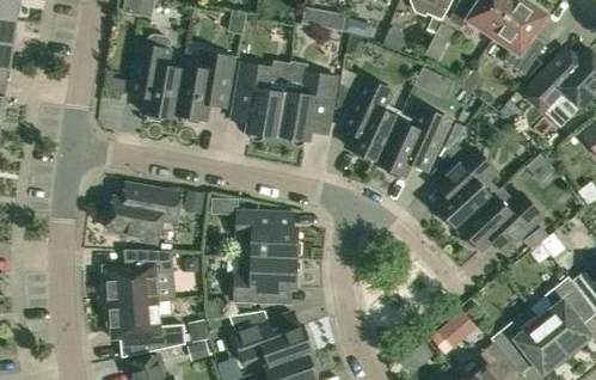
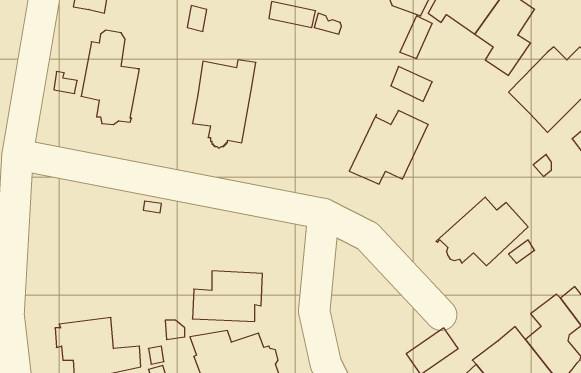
building: [174,51,233,124] -> none
building: [277,61,336,147] -> none
building: [340,78,401,164] -> none
building: [435,148,502,228] -> none
building: [107,183,180,243] -> none
building: [235,210,297,258] -> none
building: [102,250,173,305] -> none

